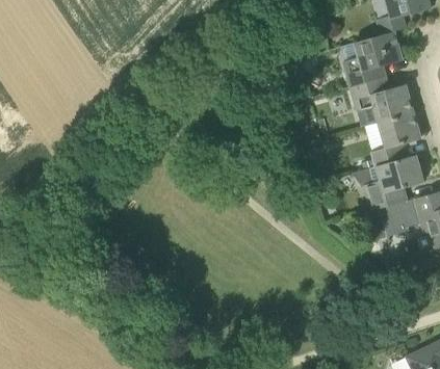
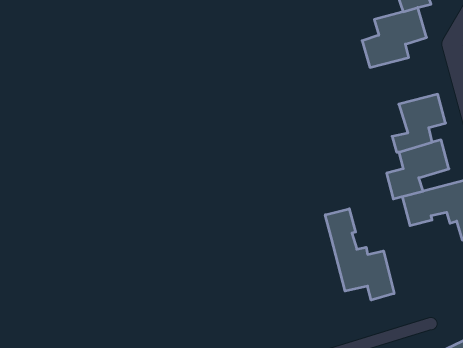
building: [350,78,413,122] -> none
building: none -> [325,209,394,300]

